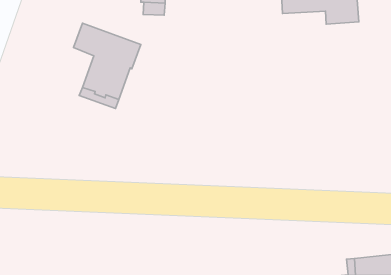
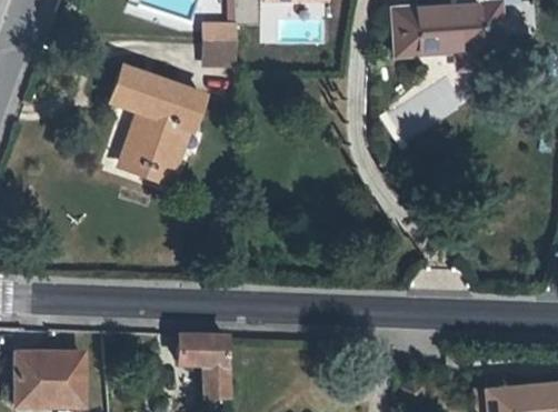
building: none -> [177,334,229,402]
building: none -> [14,352,82,404]

